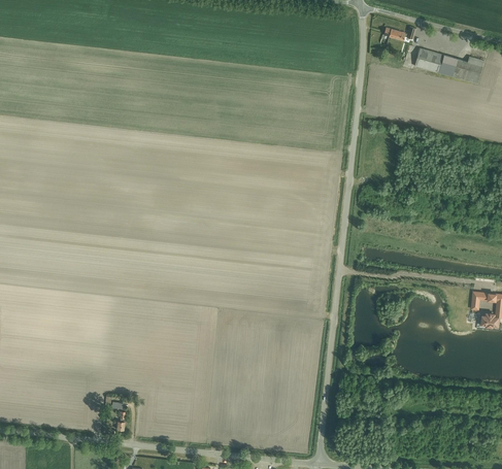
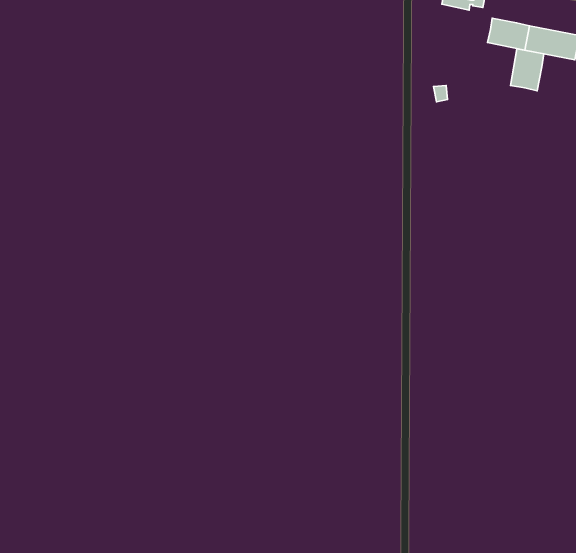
building: none -> [510,49,544,91]

